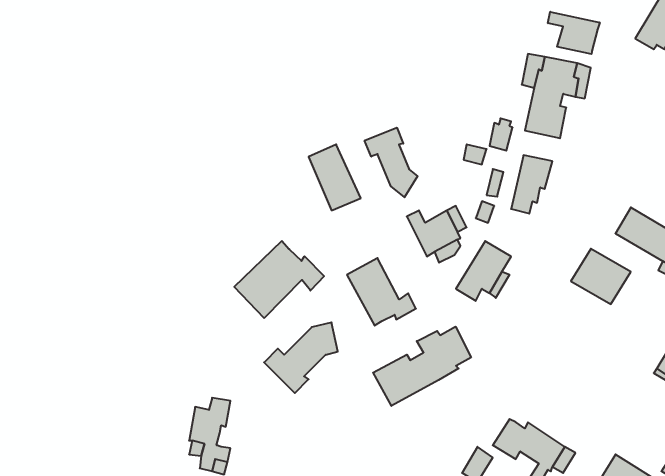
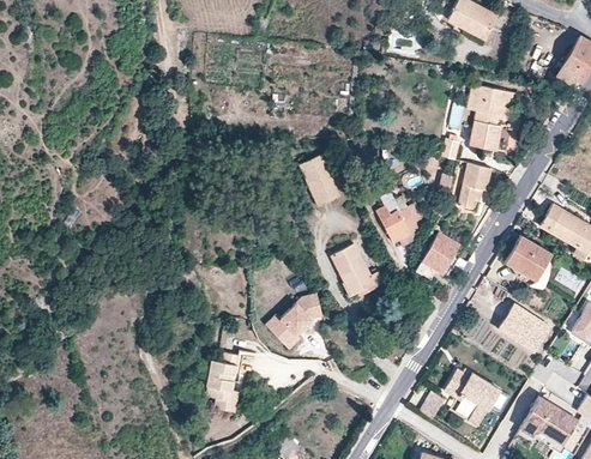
building: [548,12,600,54] -> none
building: [365,128,418,197] -> none
building: [234,241,324,318] -> none
building: [373,327,471,406] -> none
building: none -> [497,304,549,354]

